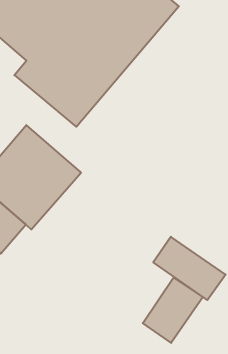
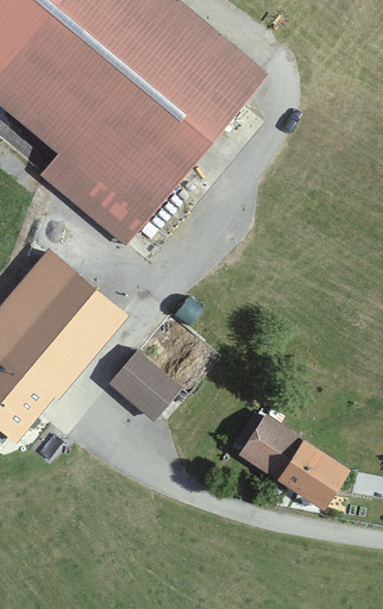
building: none -> [108,350,178,417]
building: [143,277,203,343] -> none

